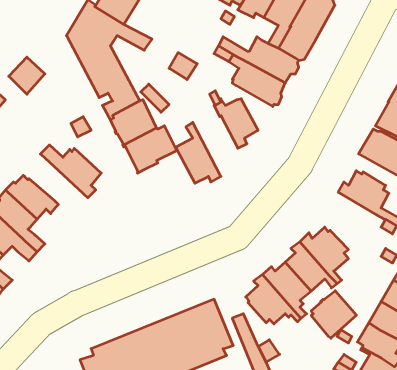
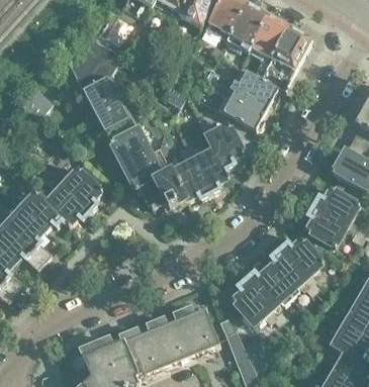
building: none -> [179,130,228,192]
building: none -> [35,165,89,225]
building: none -> [140,169,185,209]
building: none -> [305,206,348,247]
building: [311,291,356,338] -> none

